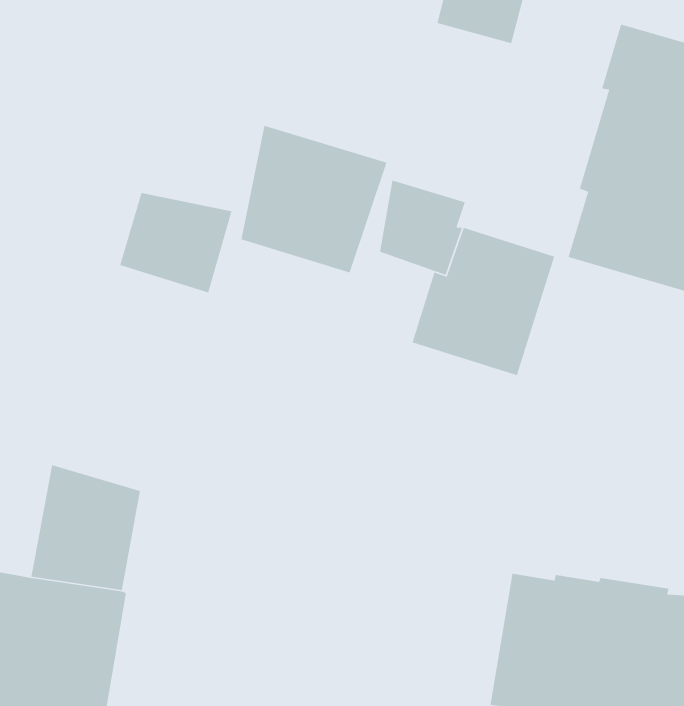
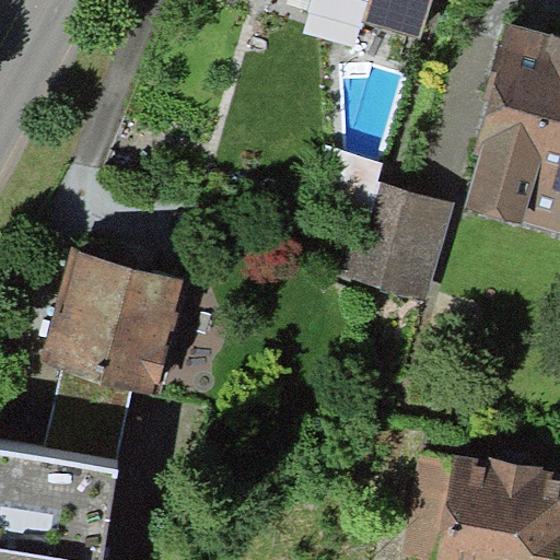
building: [241,125,387,274] -> none
building: [119,192,233,294] -> none
building: none -> [39,248,184,395]

